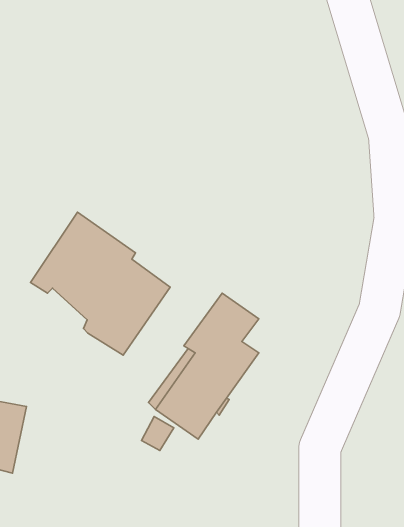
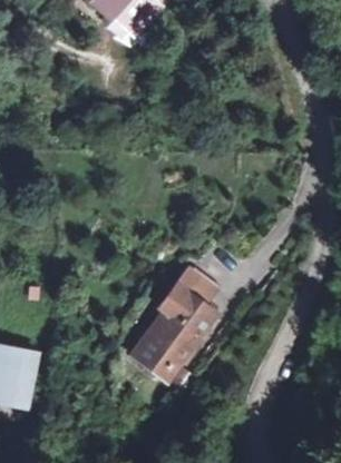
building: [30,212,170,355] -> none

